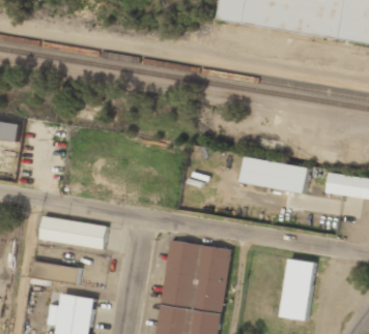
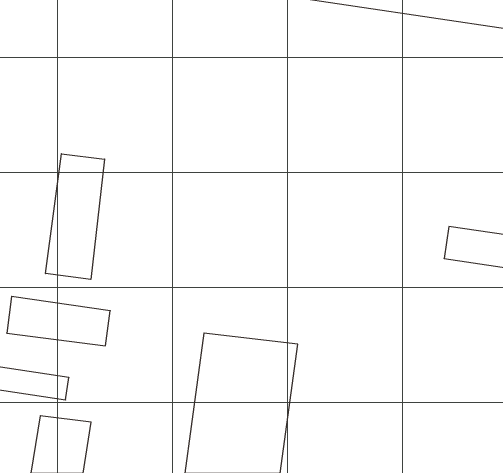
building: none -> [46,154,105,279]
building: [240,157,308,193] -> none
building: [280,259,315,321] -> none

